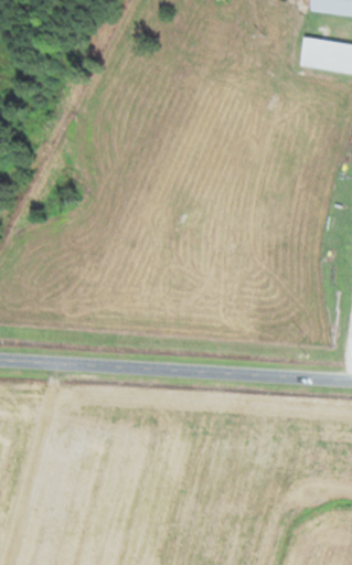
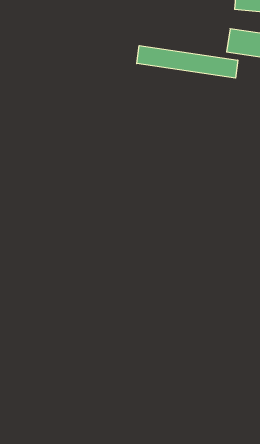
building: none -> [137,46,238,78]

